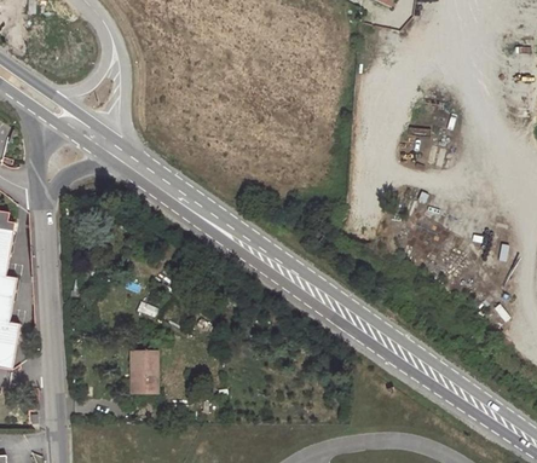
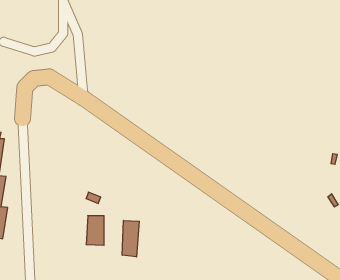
building: none -> [122,220,139,257]

